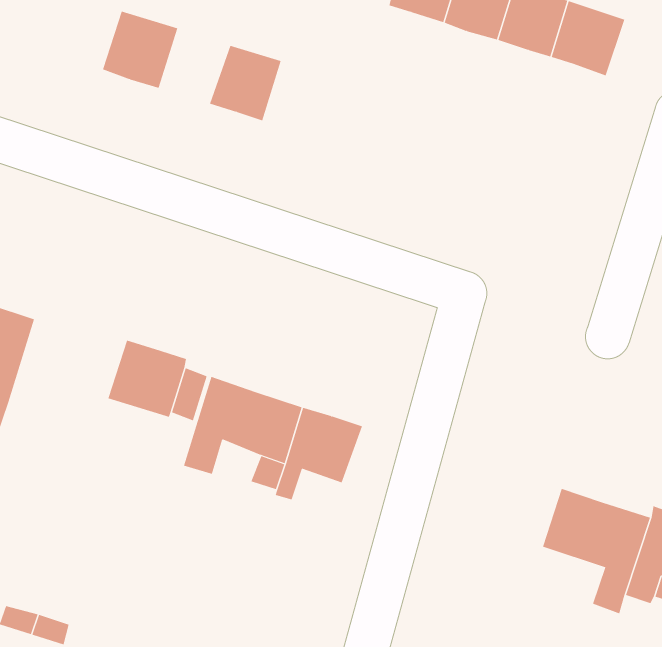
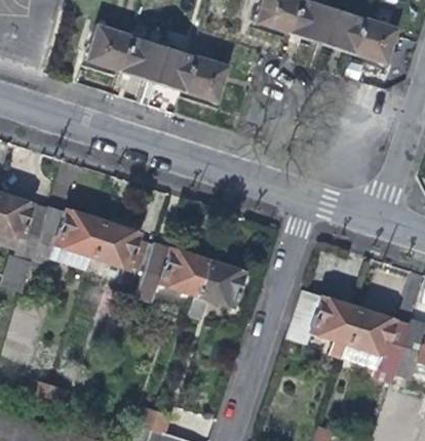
building: none -> [120,34,162,79]
building: none -> [182,53,227,99]
building: none -> [31,205,101,268]
building: none -> [286,290,359,359]

